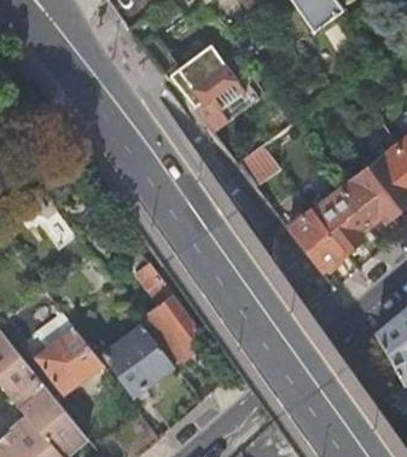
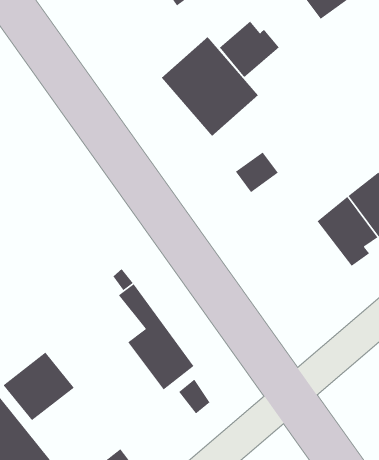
building: none -> [219,21,280,78]
building: [287,208,345,272] -> none
building: [101,325,171,397] -> none

